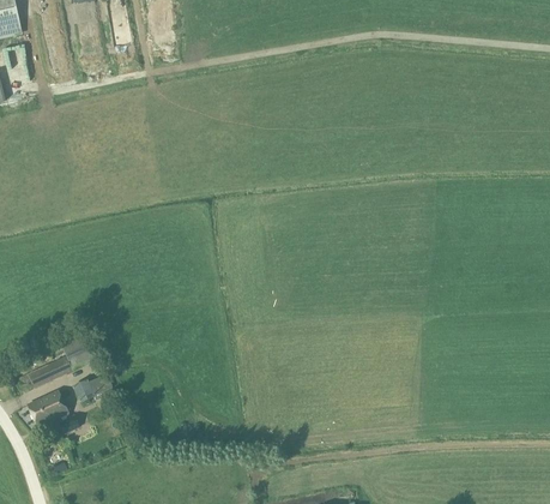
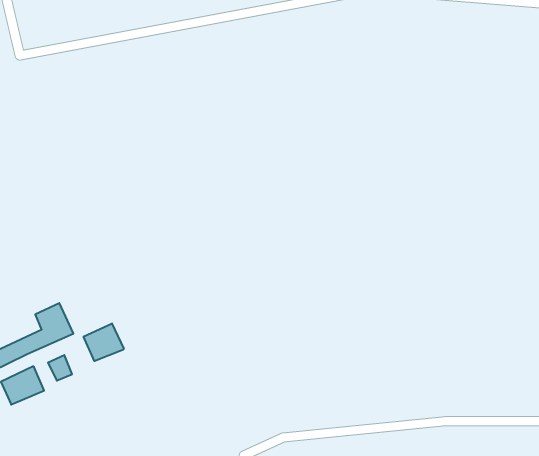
building: none -> [84,323,124,361]

